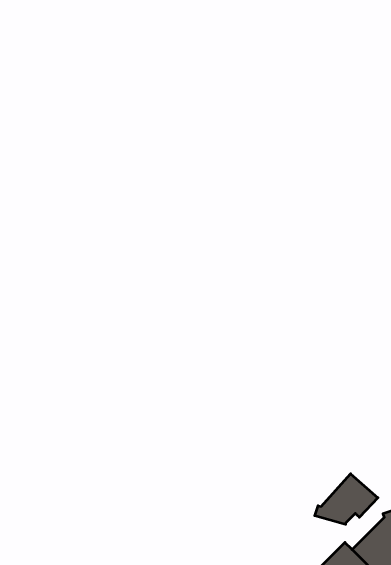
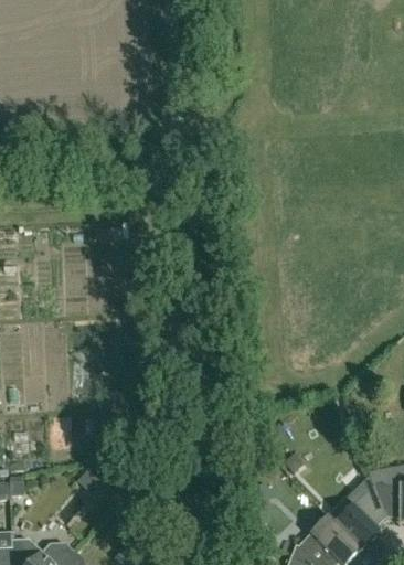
building: [315,474,378,524] -> none

